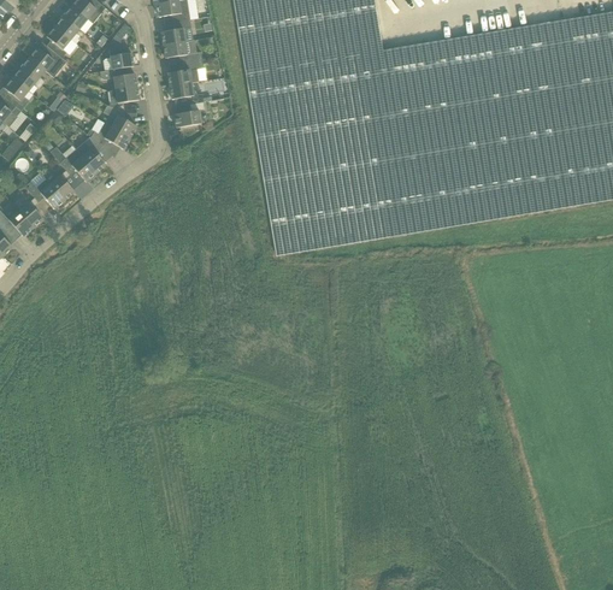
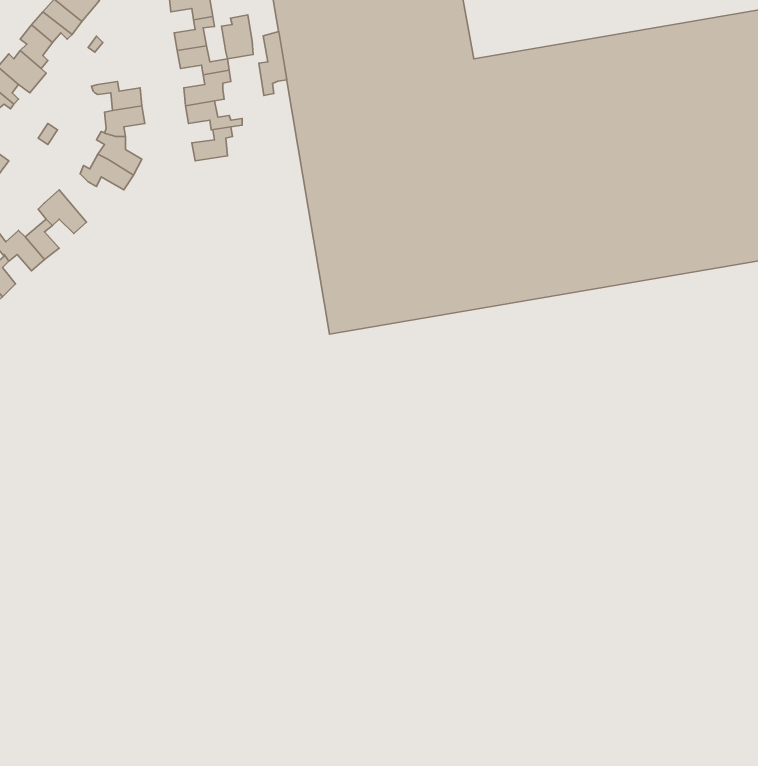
building: none -> [221,15,253,59]
building: [104,22,135,69] -> none
building: none -> [259,32,287,95]
building: [76,135,107,171] -> none

